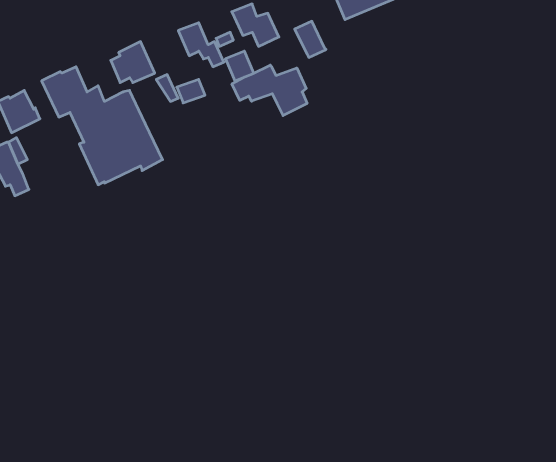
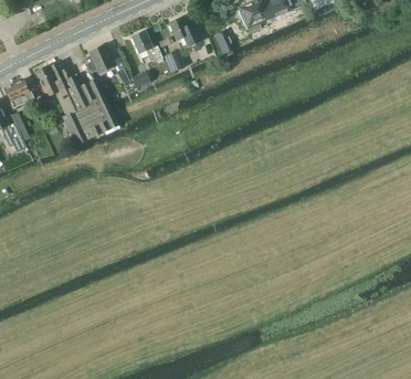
building: [232,65,307,116] -> none

